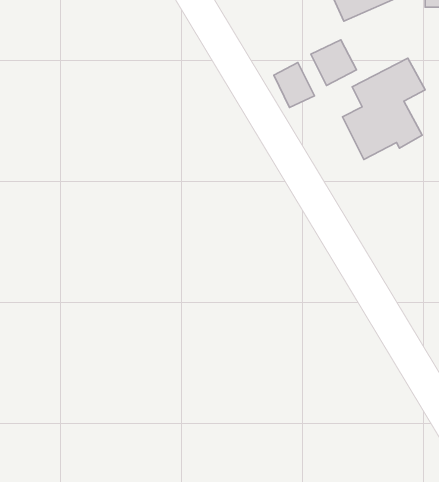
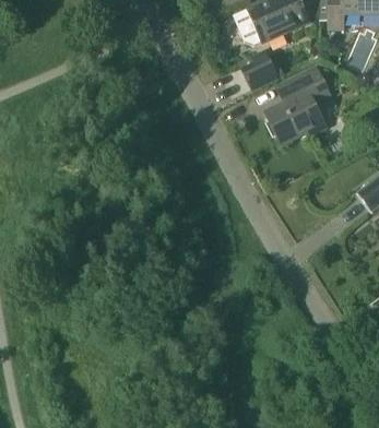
building: [274,62,315,108] -> none

